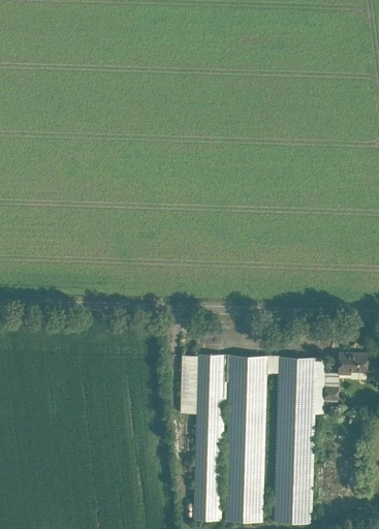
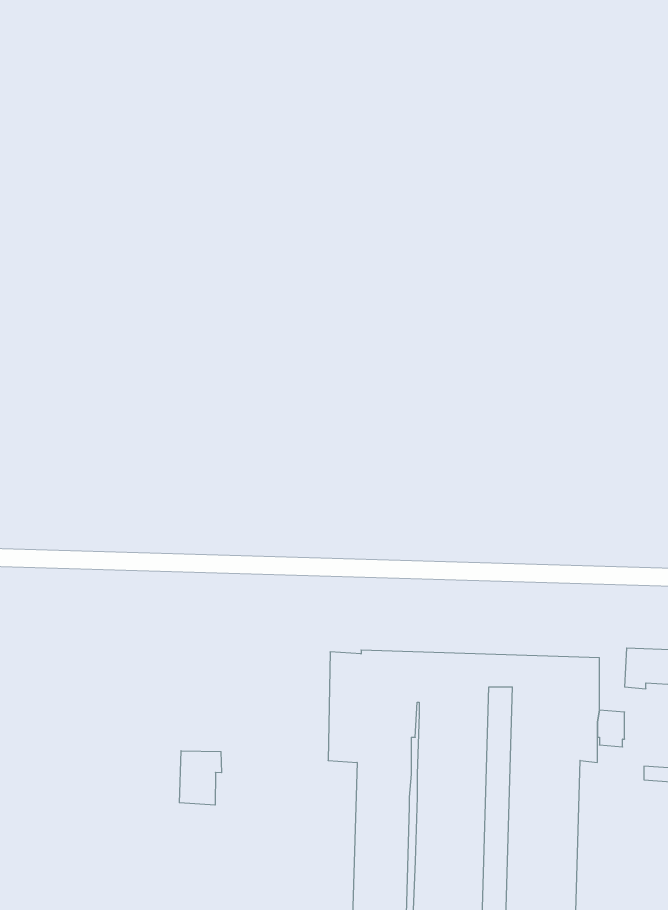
building: none -> [179,751,221,805]

